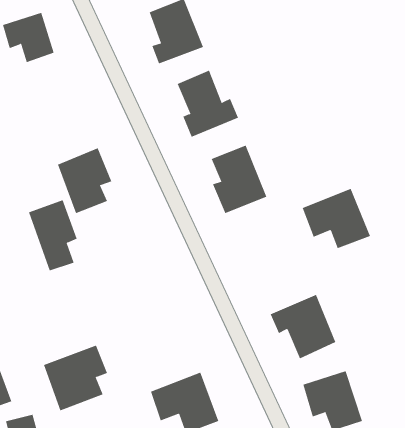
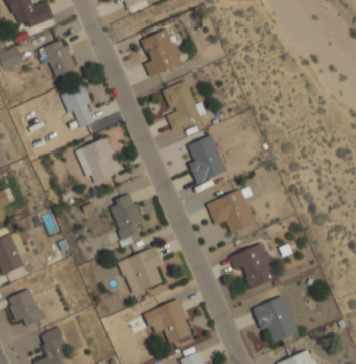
building: none -> [61,85,97,129]
building: [302,188,371,249] -> [206,190,256,234]
building: [28,199,77,271] -> [106,193,142,245]
building: [43,345,108,411] -> [117,247,163,295]

